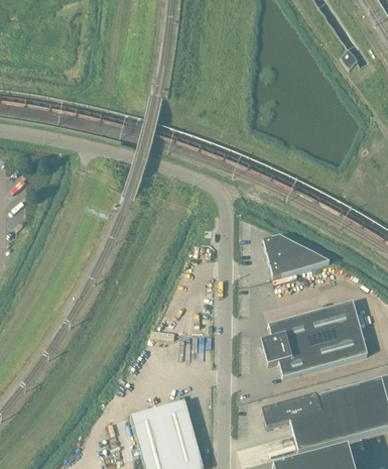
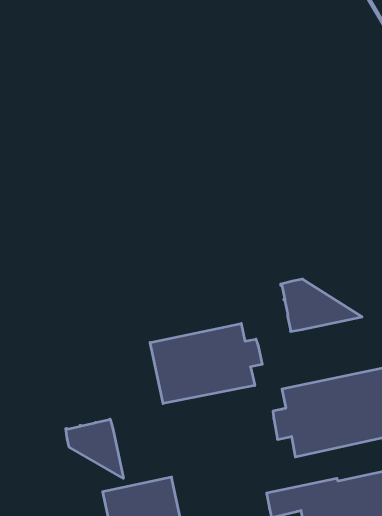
building: none -> [150,323,262,404]
building: none -> [66,419,123,478]

